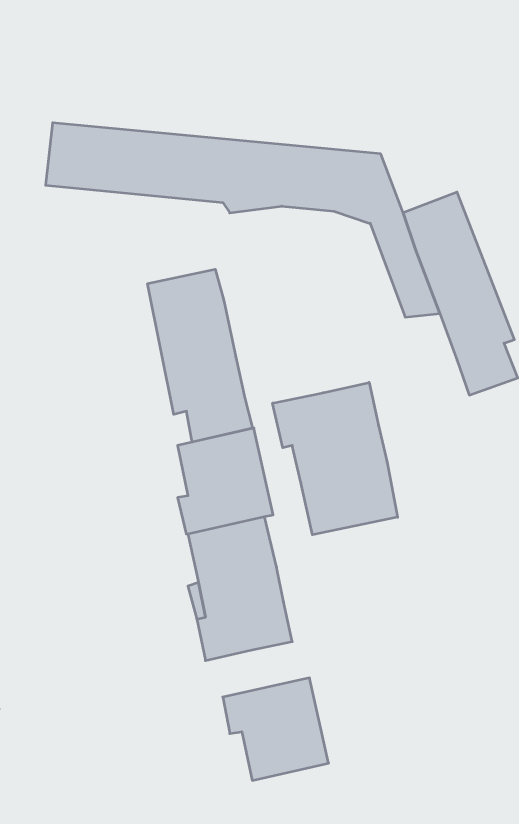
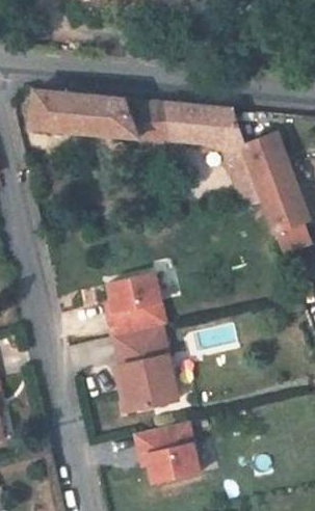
building: [148,269,252,442] -> none
building: [273,382,398,535] -> none

